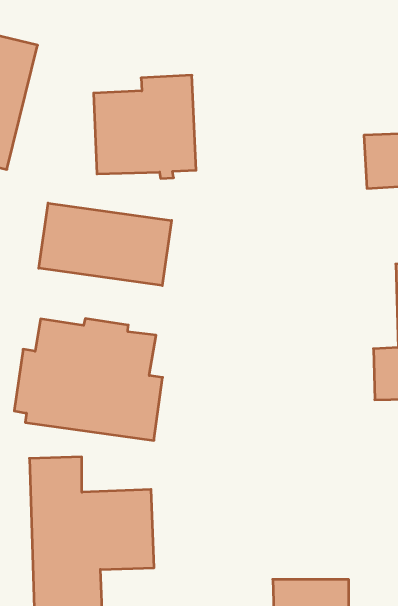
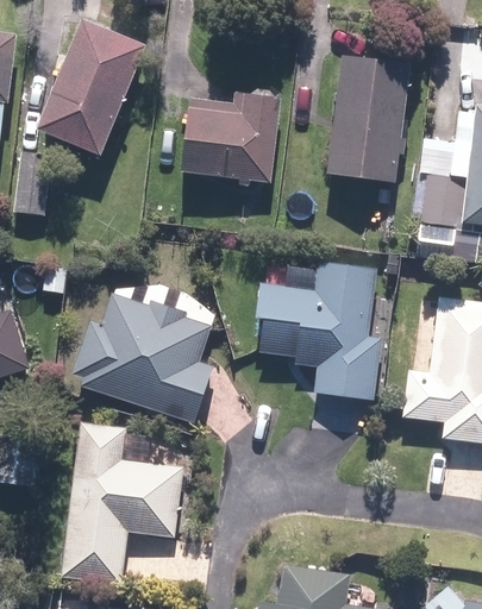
building: none -> [326,55,408,183]
building: [39,203,172,286] -> none
building: none -> [253,260,380,400]

